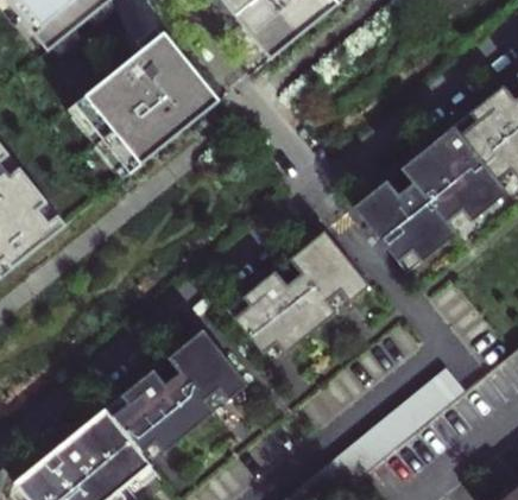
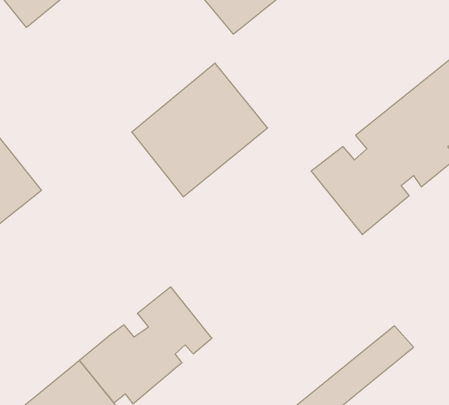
building: [76,31,221,173] -> [132,63,268,197]
building: [227,230,369,354] -> none

